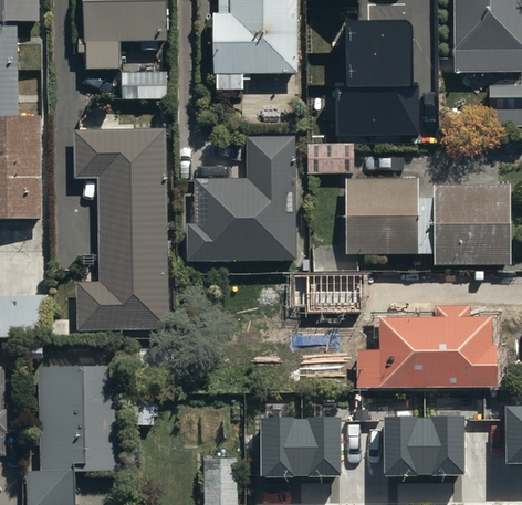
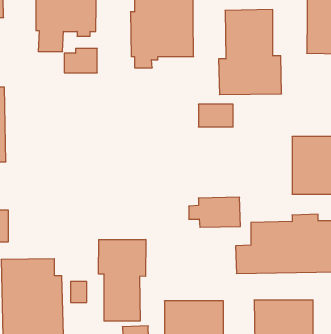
building: [75,135,168,319] -> none
building: [191,147,294,263] -> none
building: [345,183,418,259] -> none
building: none -> [99,239,146,321]

